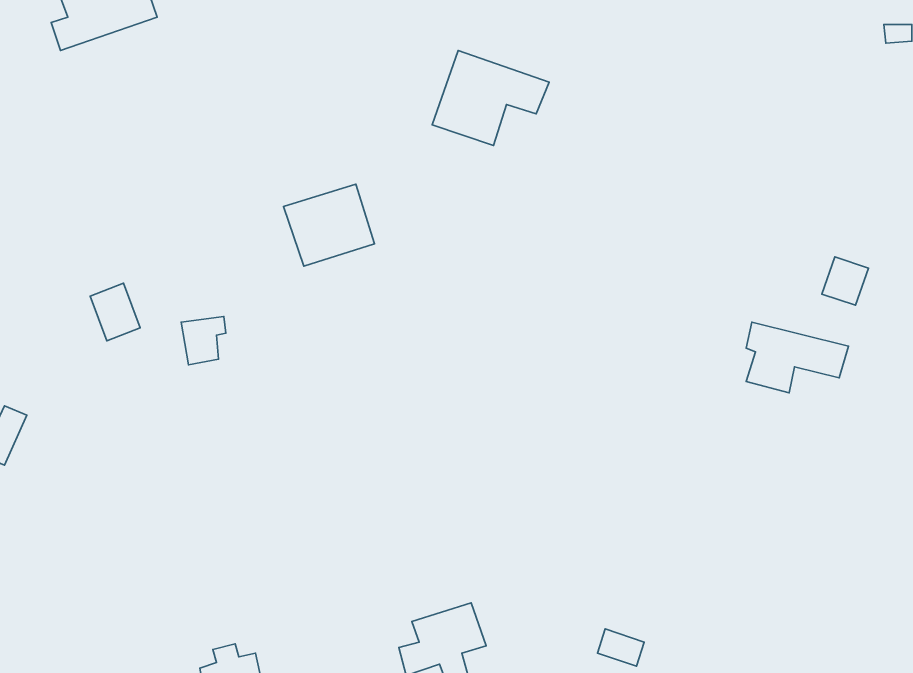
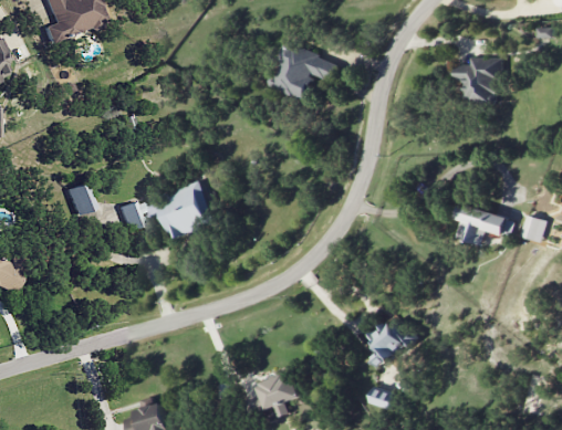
building: none -> [455,57,504,103]
building: [283,184,375,266] -> [158,190,212,239]
building: [822,257,868,305] -> [521,214,549,243]
building: none -> [367,321,407,367]

